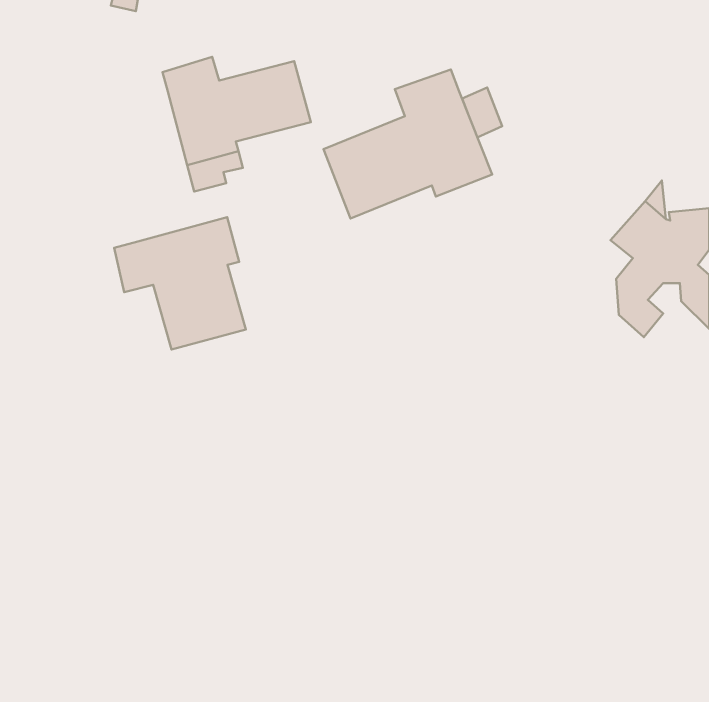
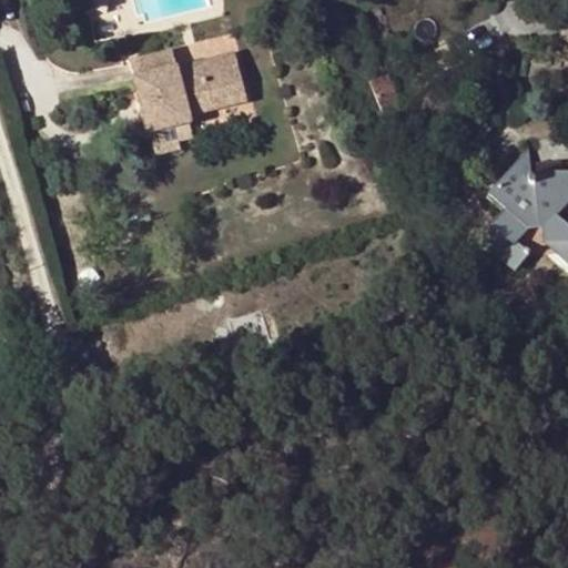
building: [323,70,492,218] -> none
building: [114,217,246,350] -> none

